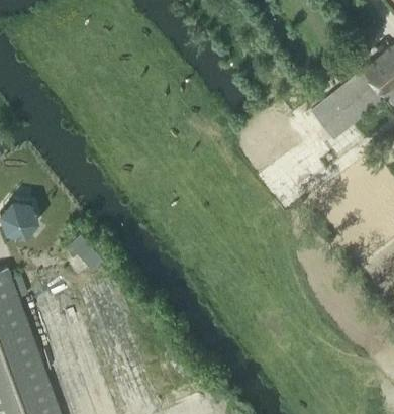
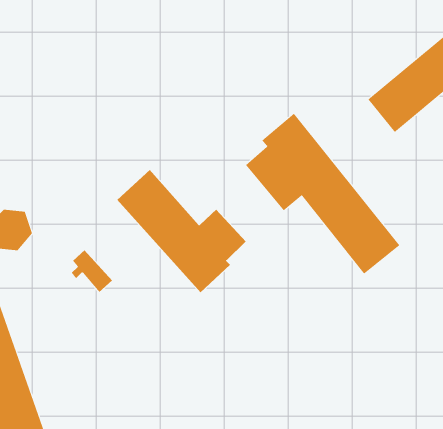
building: none -> [245,113,400,275]
building: none -> [116,169,247,293]

